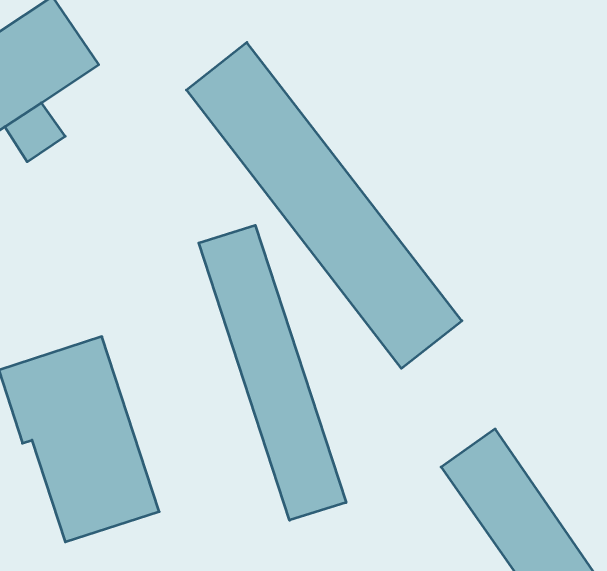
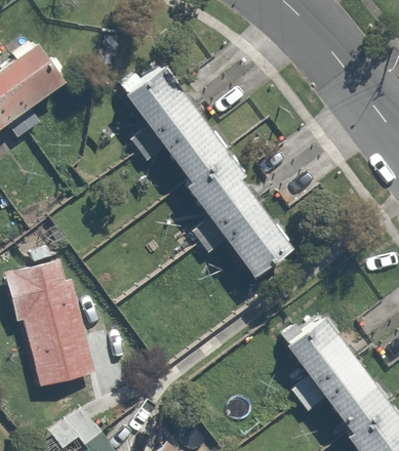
building: [199,225,346,520] -> none

